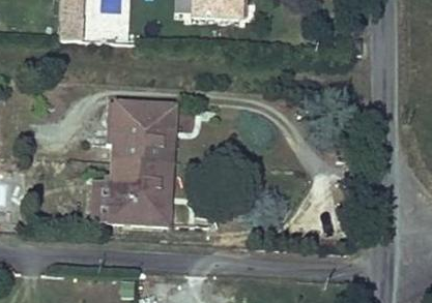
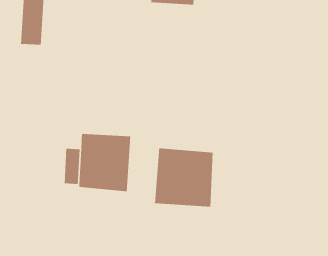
building: [117,100,176,159] -> none
building: none -> [154,148,214,207]

